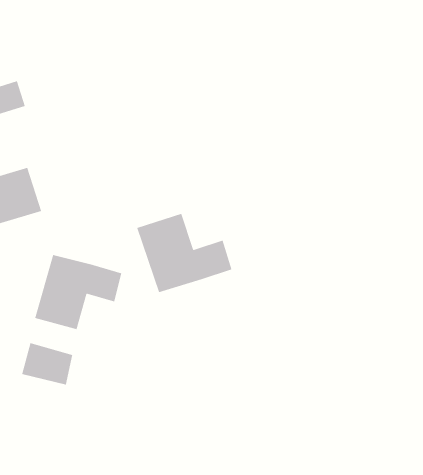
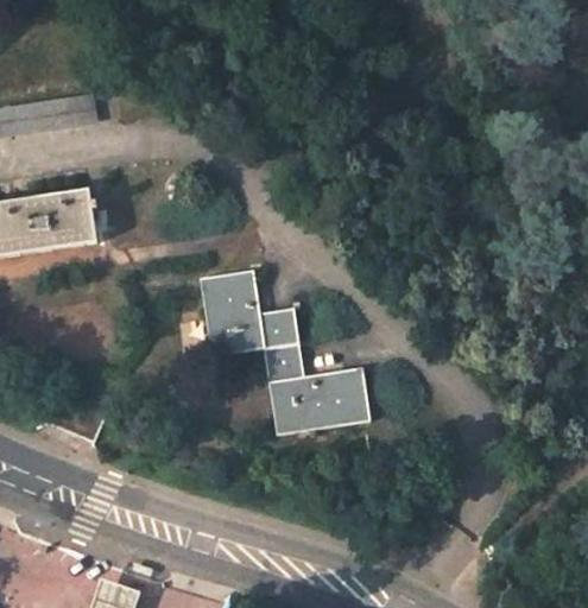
building: [34,254,122,330] -> none
building: none -> [263,342,369,436]

